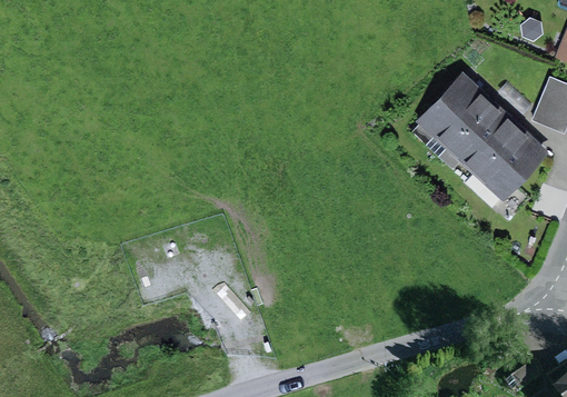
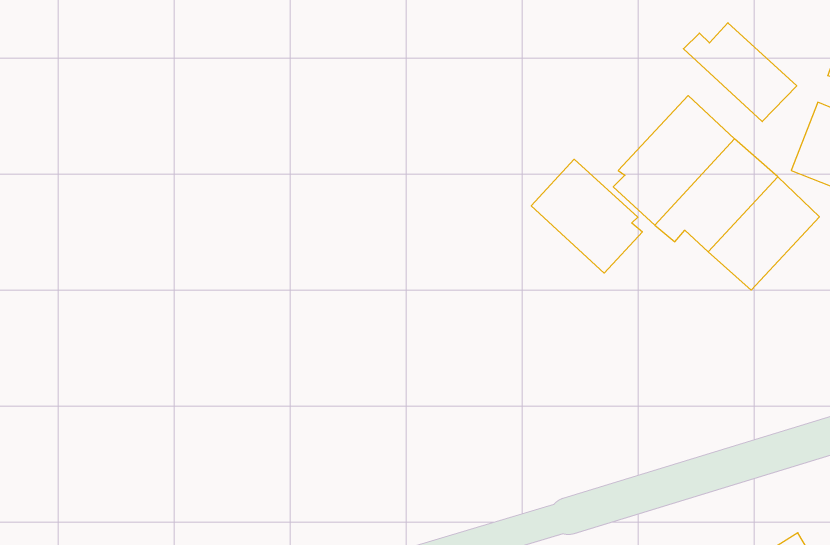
building: none -> [683,23,797,122]
building: none -> [531,159,642,273]

